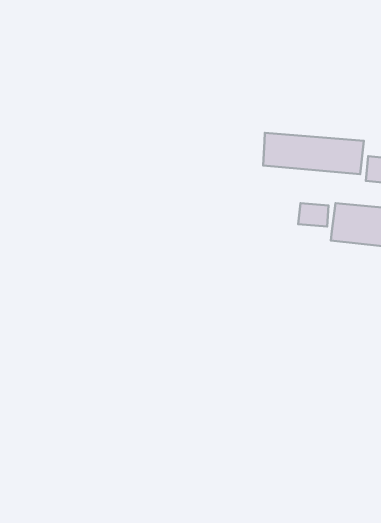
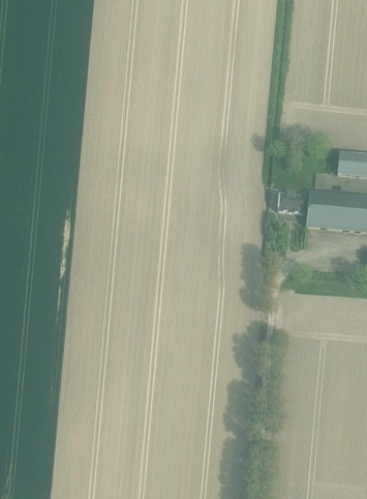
building: [263,133,364,174] -> none

